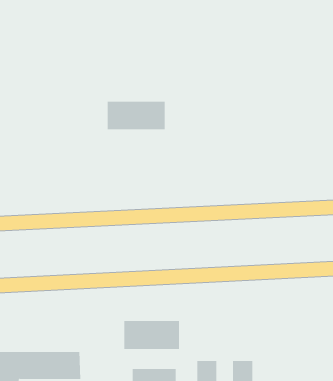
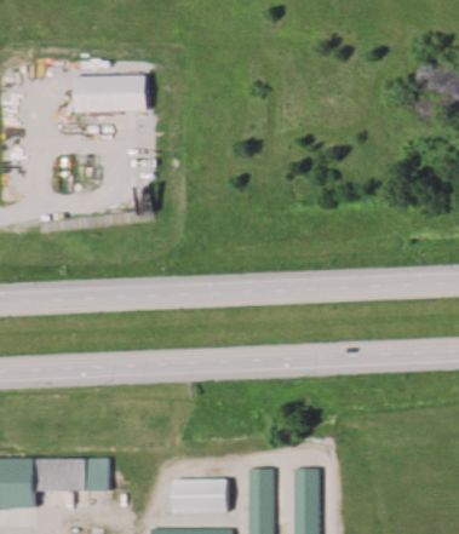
building: [107,101,166,130] -> [74,76,145,111]
building: [124,320,179,350] -> none

